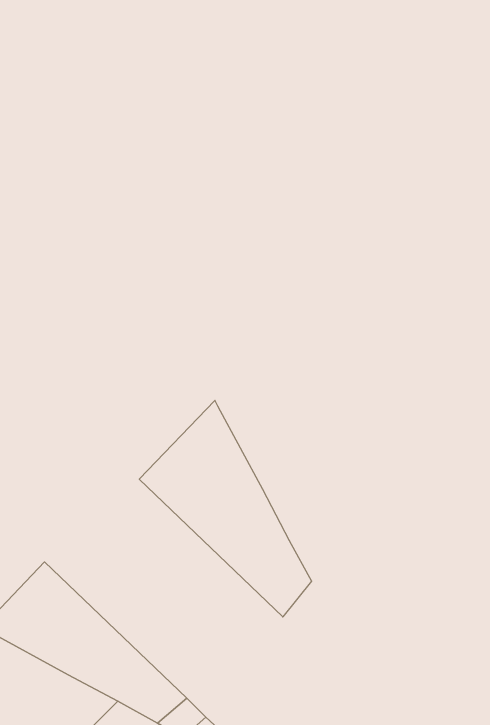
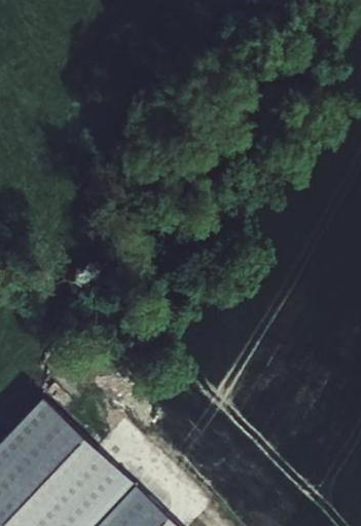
building: [139,400,312,617] -> none

